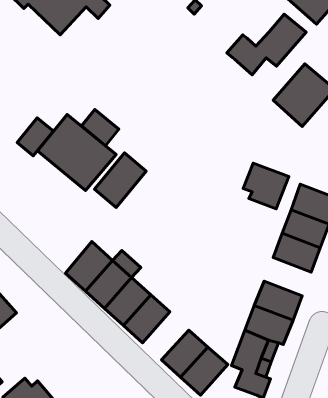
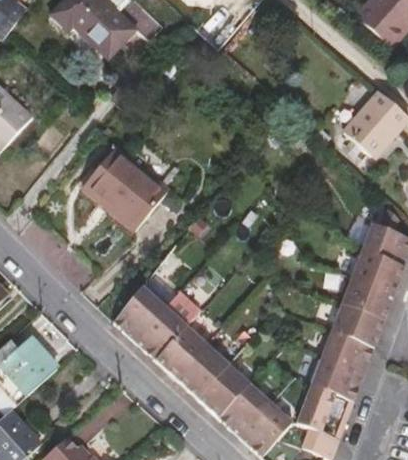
building: [227,14,306,75] -> none
building: [81,109,119,146] -> none
building: [17,118,54,156] -> none
building: [95,153,146,208] -> none
building: [243,163,289,209] -> none
building: none -> [332,304,384,346]
building: none -> [198,364,249,417]

